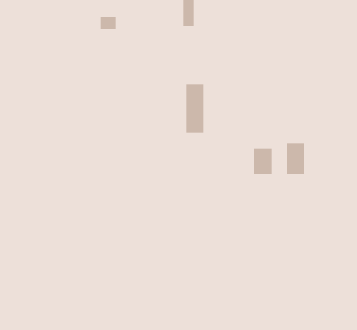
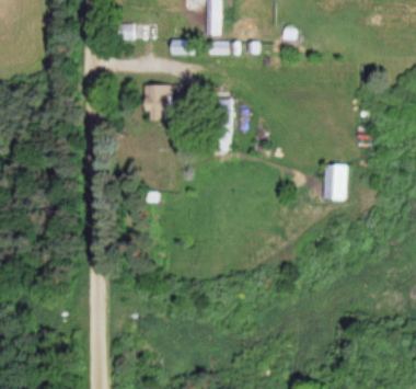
building: none -> [145,85,172,121]
building: [254,148,272,175] -> none

